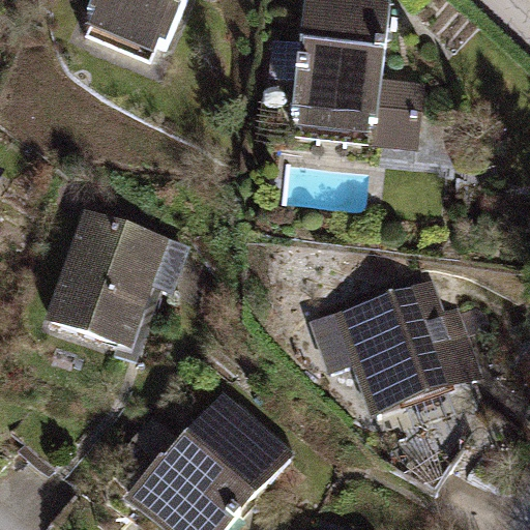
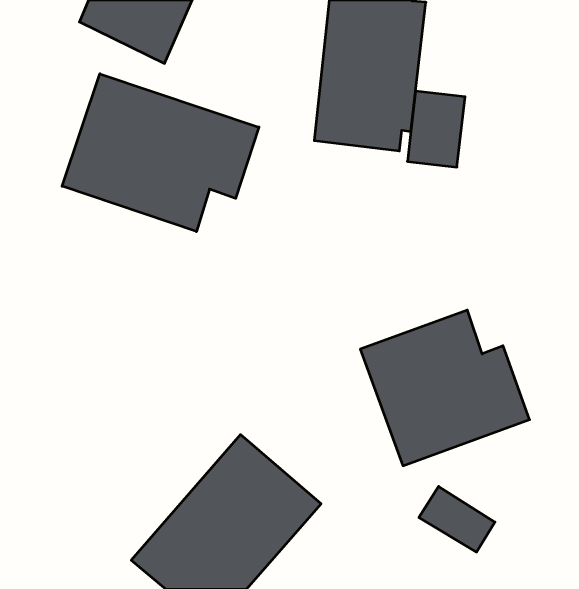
building: none -> [62,74,259,232]
building: [42,207,165,346] -> none

